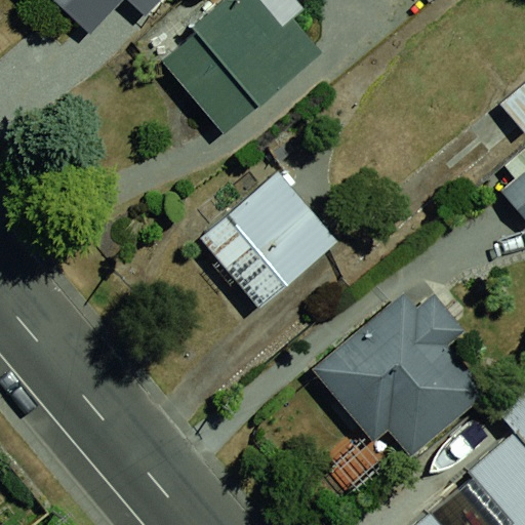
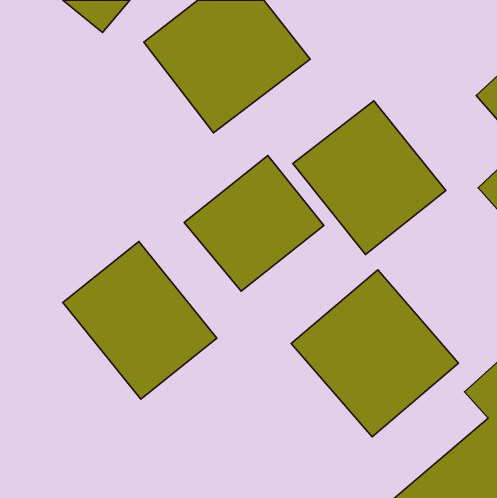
building: none -> [293,101,446,255]
building: none -> [63,241,217,399]

